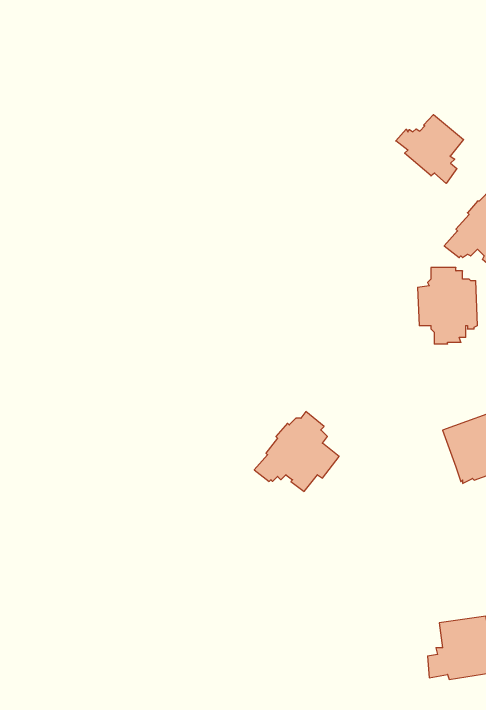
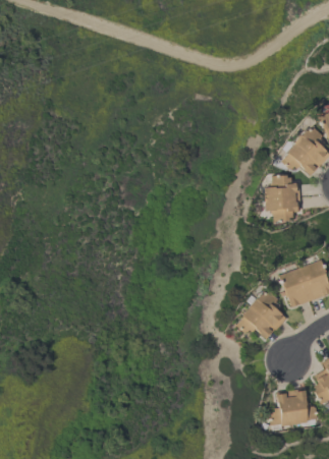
building: [396,115,464,183] -> none
building: [254,412,339,491] -> [235,290,287,339]

